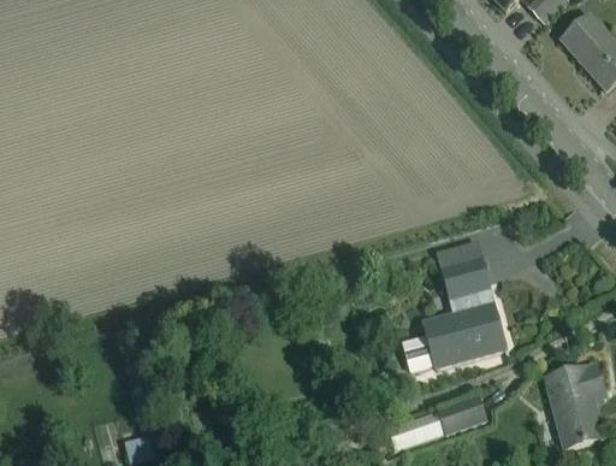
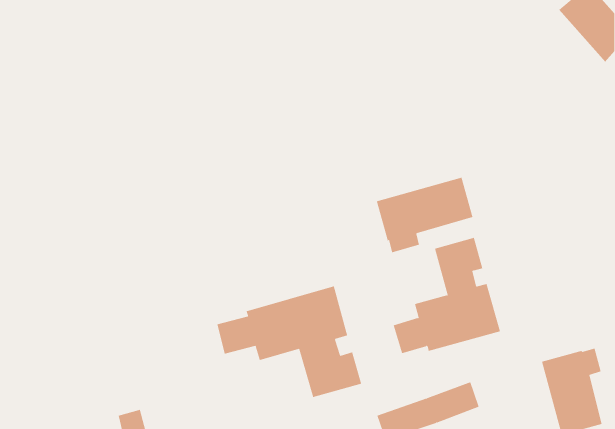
building: none -> [376,177,473,253]
building: none -> [217,286,362,398]

